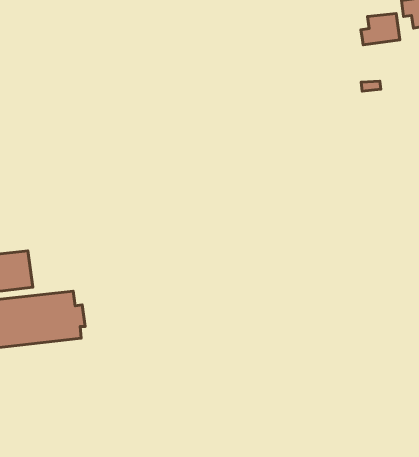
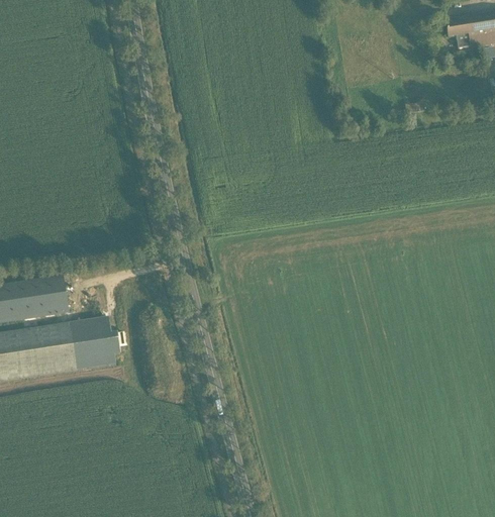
building: [361,13,400,45] -> none

